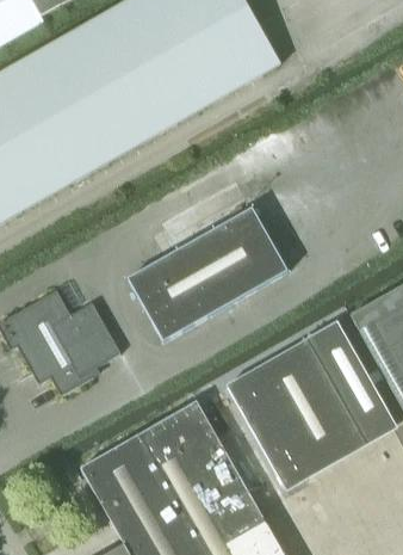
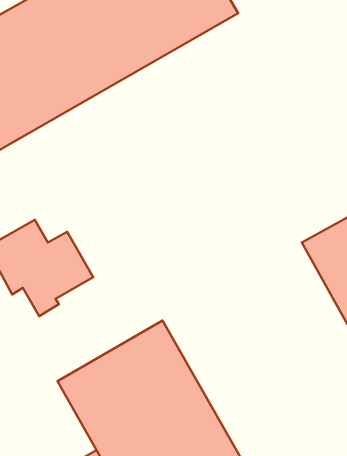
building: [128,208,289,341] -> none
building: [225,320,395,489] -> none

